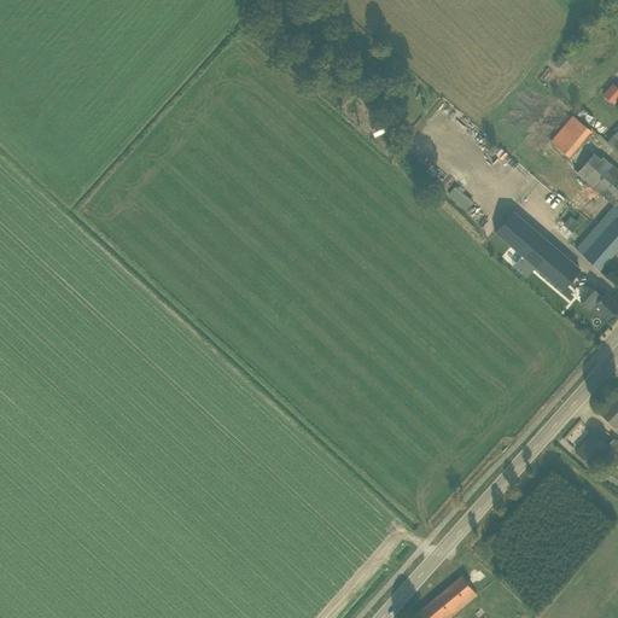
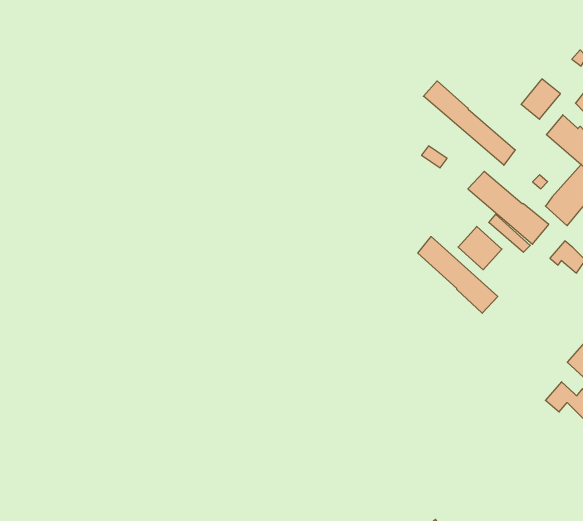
building: none -> [423,81,515,165]
building: none -> [458,226,502,270]
building: none -> [418,237,498,313]

